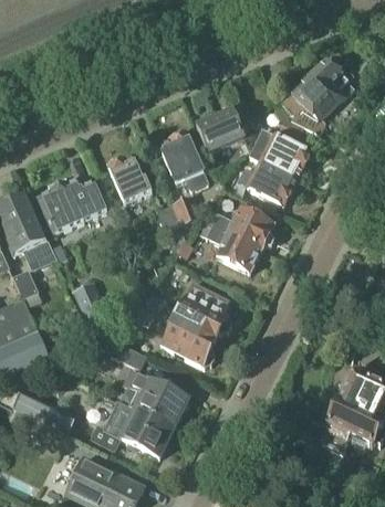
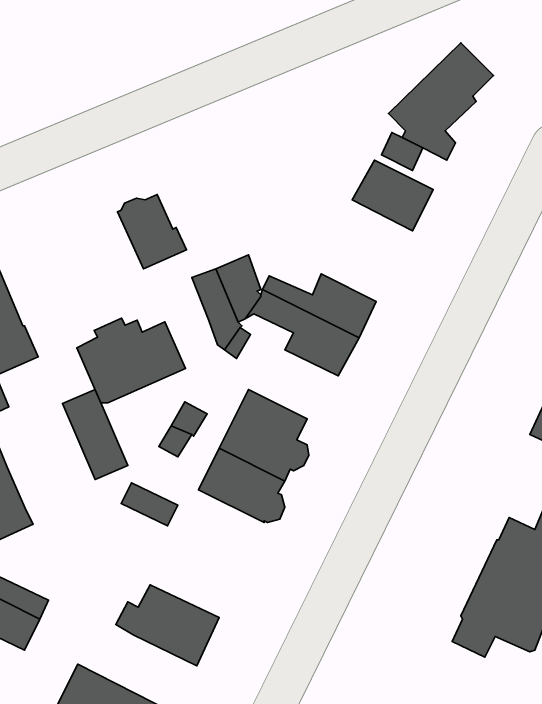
building: [195,109,244,152] -> none
building: [160,129,207,189] -> none
building: [237,158,296,205] -> none
building: [37,178,106,232] -> [77,318,185,403]
building: [122,368,187,425] -> none

